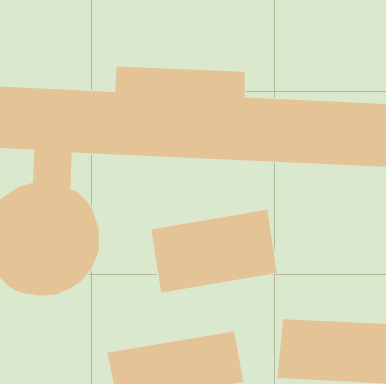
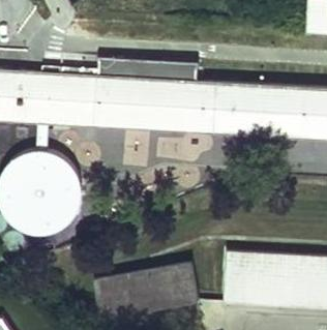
building: [151,209,277,293] -> none

